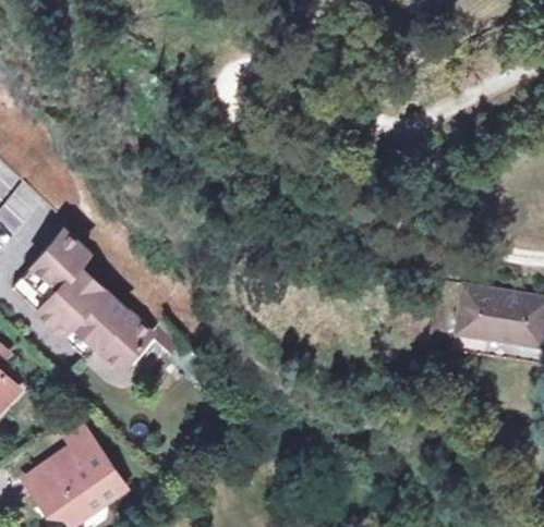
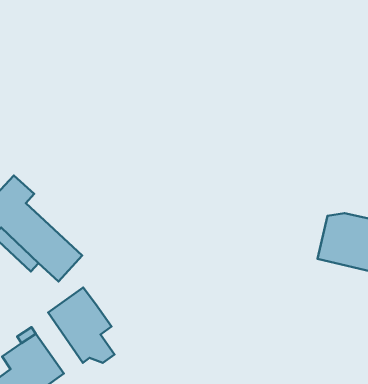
building: none -> [48,288,115,363]

